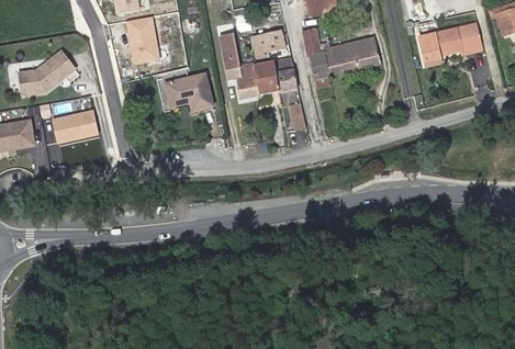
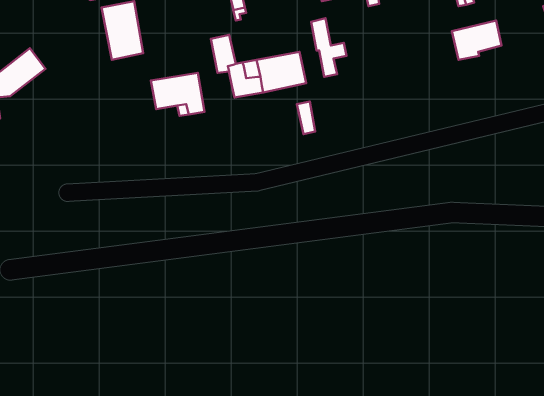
building: [458,25,485,56] -> none
building: [255,27,284,48] -> none
building: [321,38,379,75] -> none
building: [54,114,99,147] -> none

